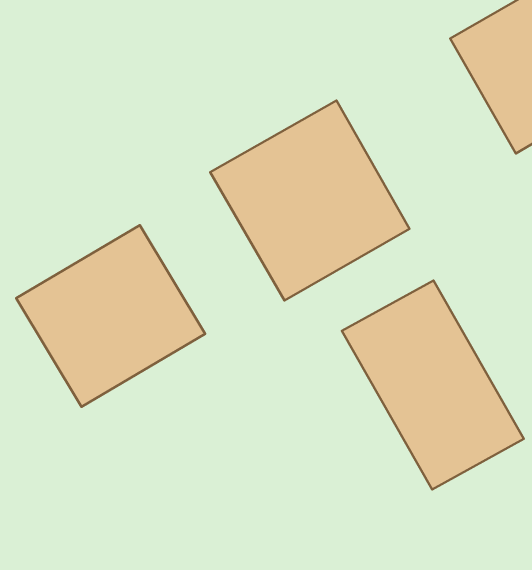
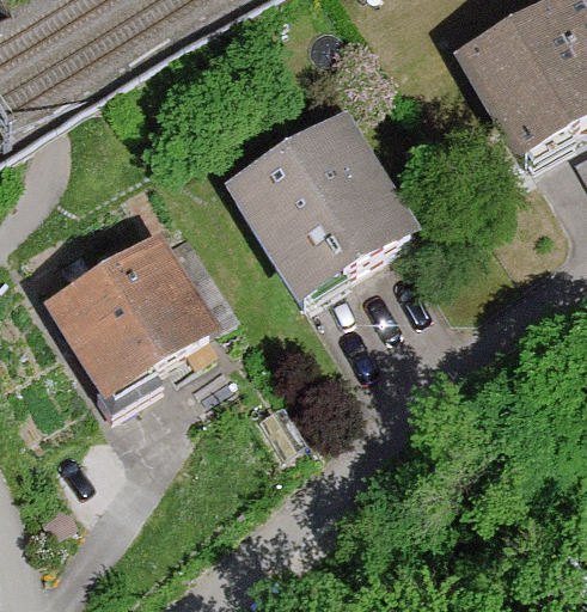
building: [342,281,524,489] -> none

